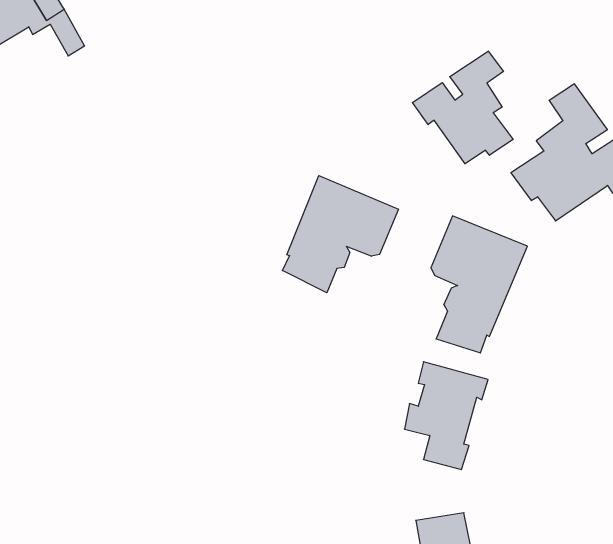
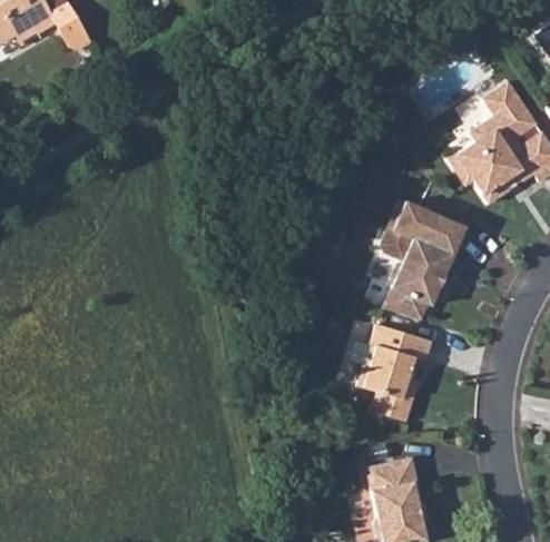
building: [412,51,513,164] -> none
building: [282,176,398,293] -> none

